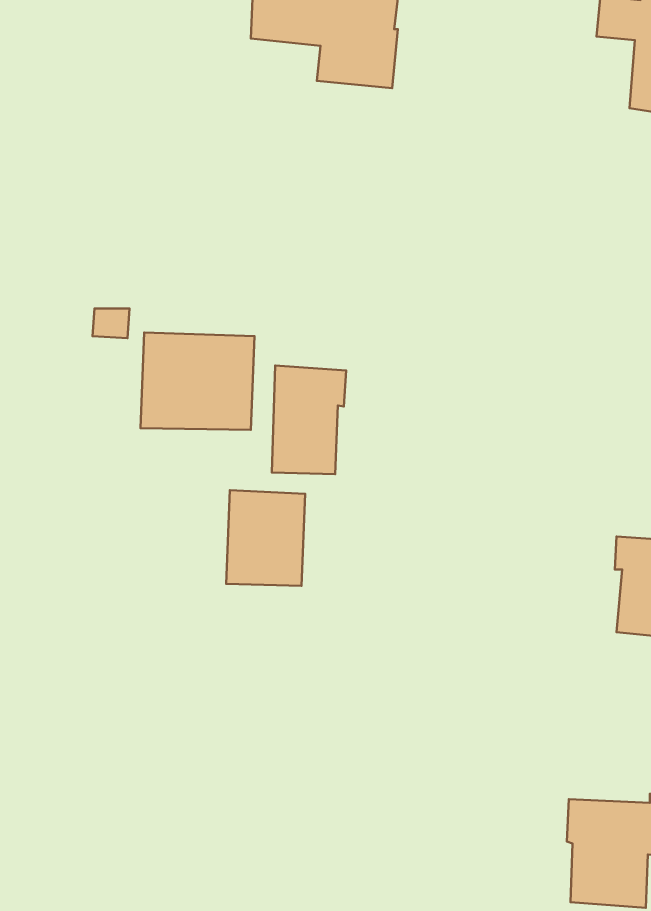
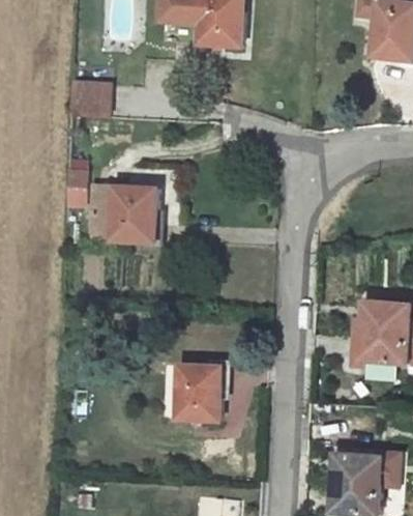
building: none -> [70,85,110,118]
building: [272,366,346,474] -> none
building: [226,490,305,586] -> [180,361,225,414]

